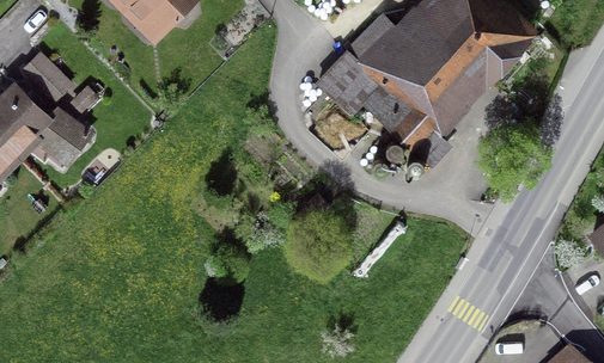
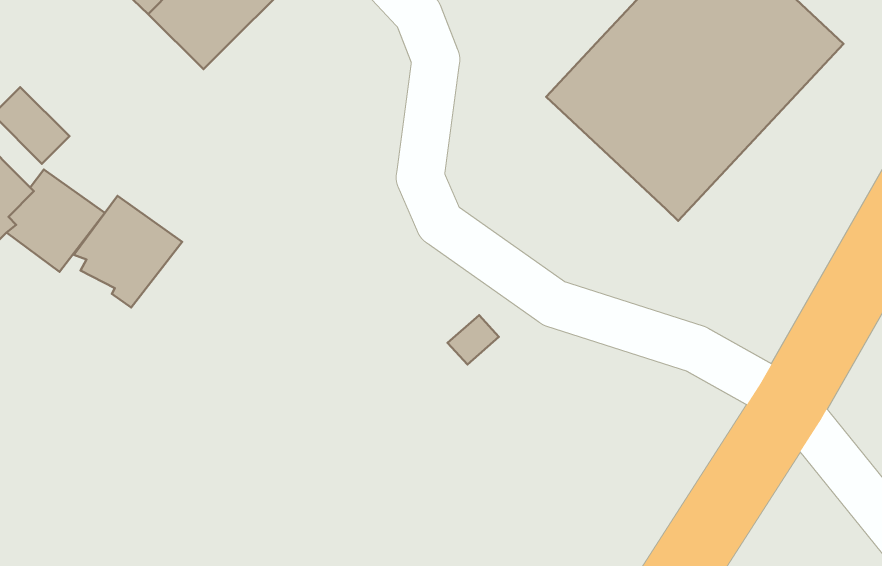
building: [315,12,435,154] -> none
building: none -> [74,196,182,307]

